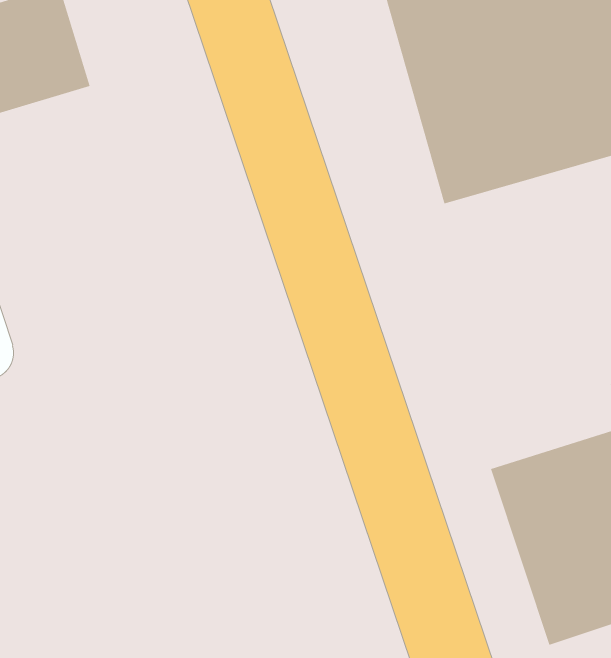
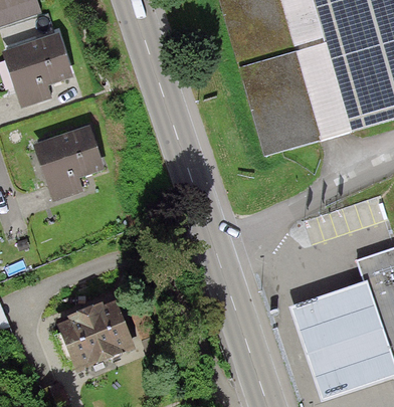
building: none -> [35,128,107,200]
building: none -> [54,300,136,380]

